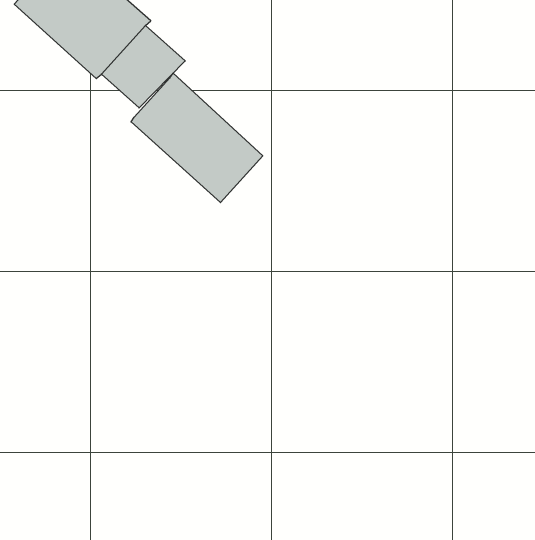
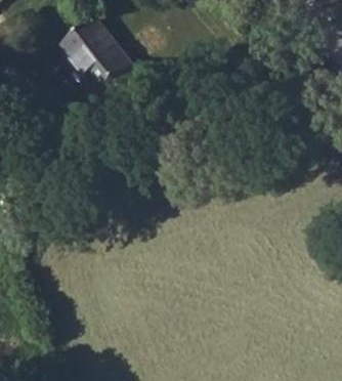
building: [131,73,263,203] -> none

